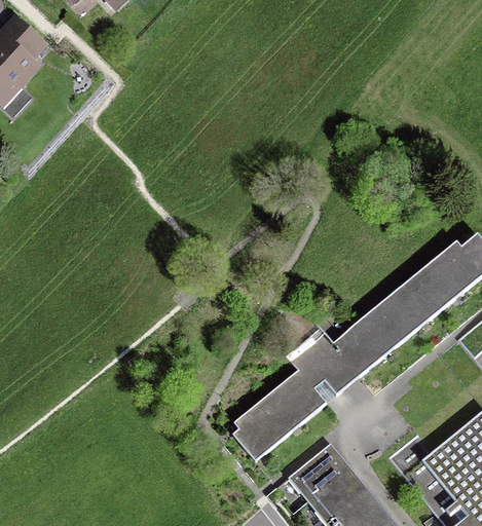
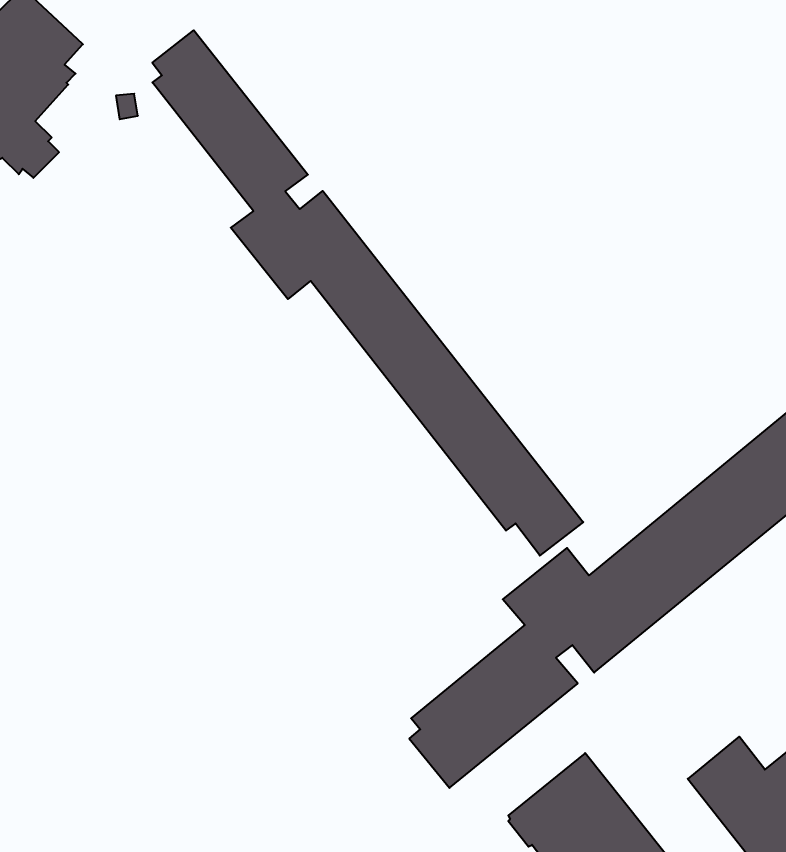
building: none -> [152,30,583,556]

